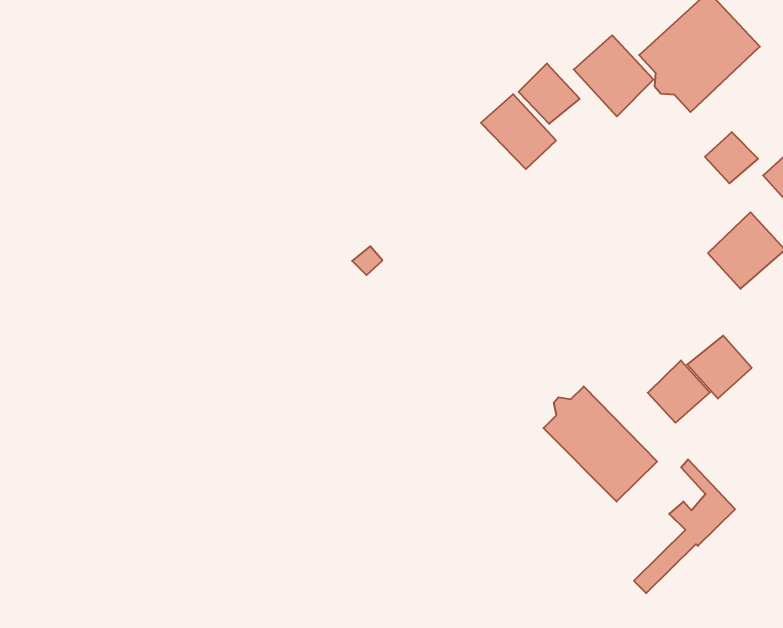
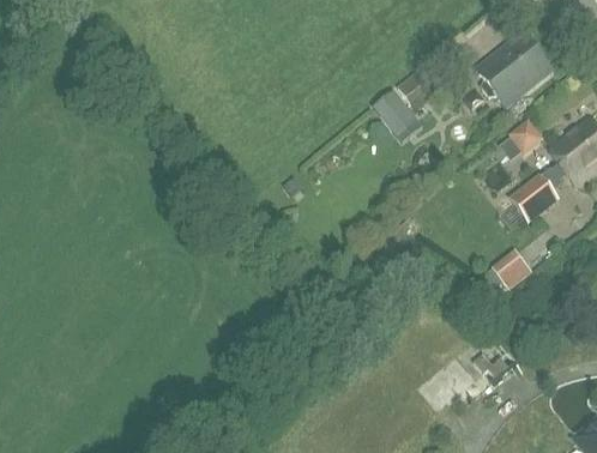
building: [574,35,653,116] -> none
building: [648,360,710,423] -> none
building: [543,386,657,502] -> none

